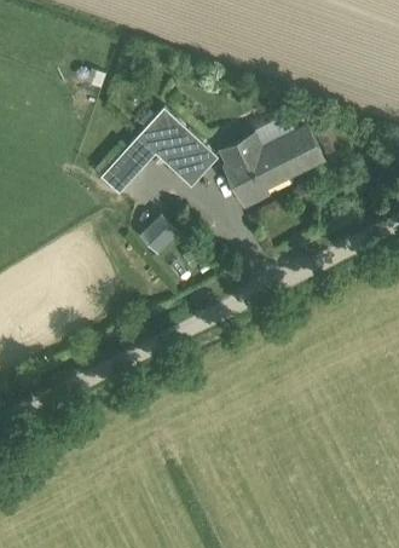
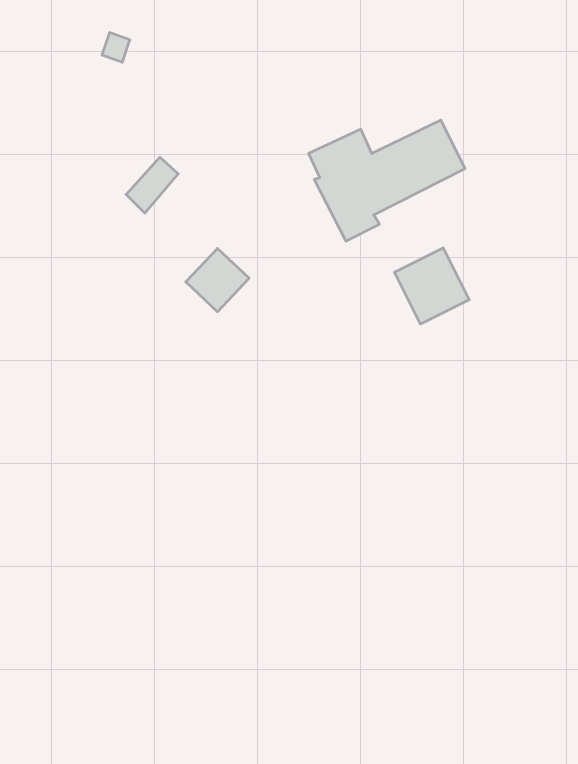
building: [137,110,216,186] -> none
building: none -> [395,248,469,324]

